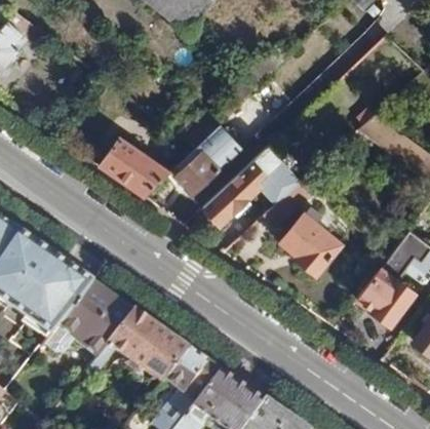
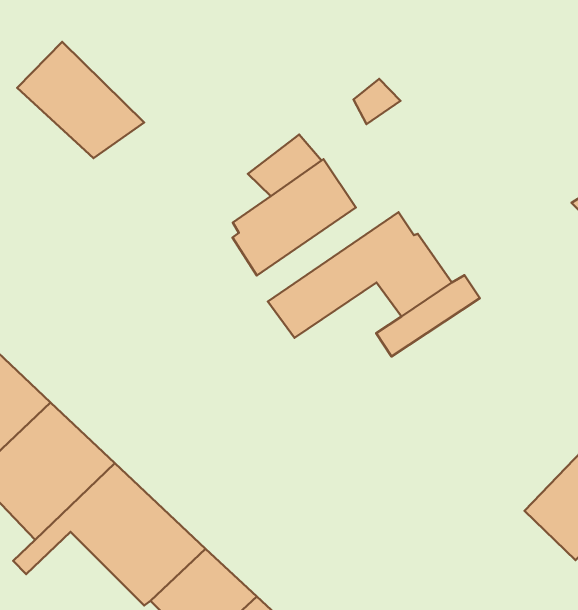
building: [99,138,170,198] -> [17,42,144,158]
building: [281,203,344,274] -> none

